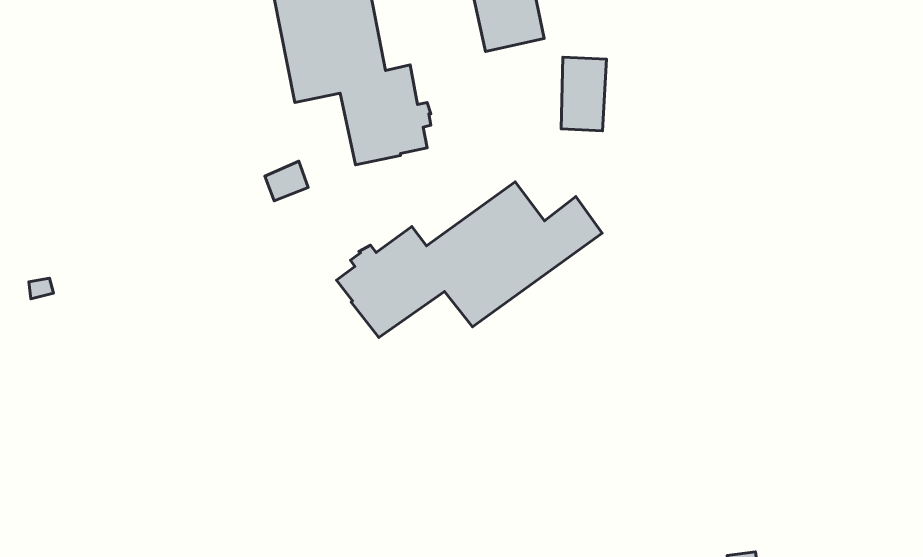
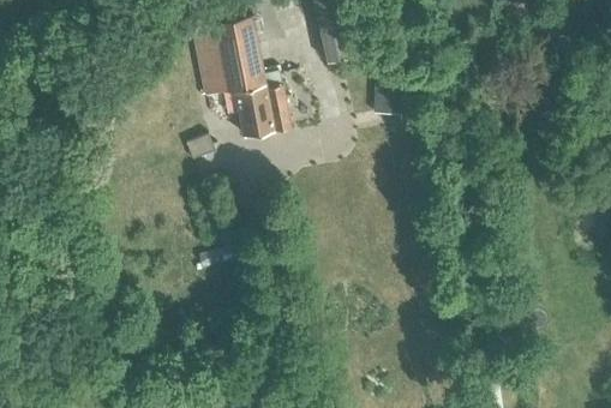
building: [336,182,602,338] -> none

